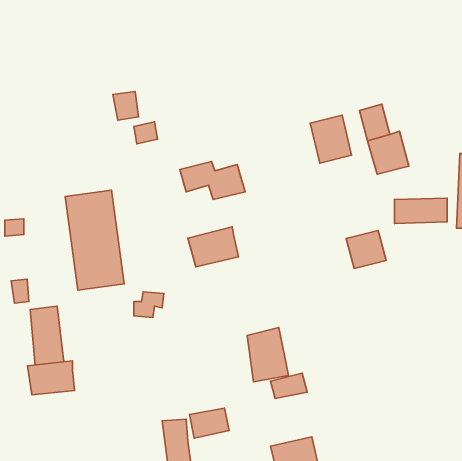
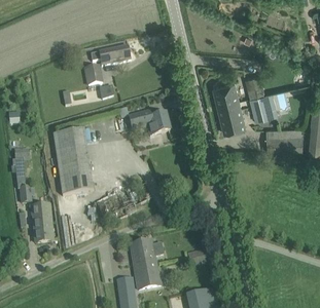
building: none -> [98,43,130,64]
building: [188,227,239,267] -> none
building: [346,230,386,269] -> [218,105,244,129]
building: [247,328,289,382] -> [130,237,156,272]
building: [28,361,75,395] -> none

